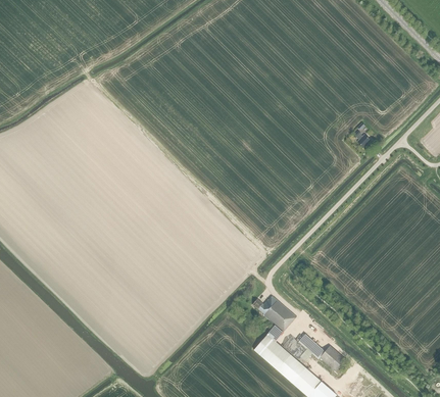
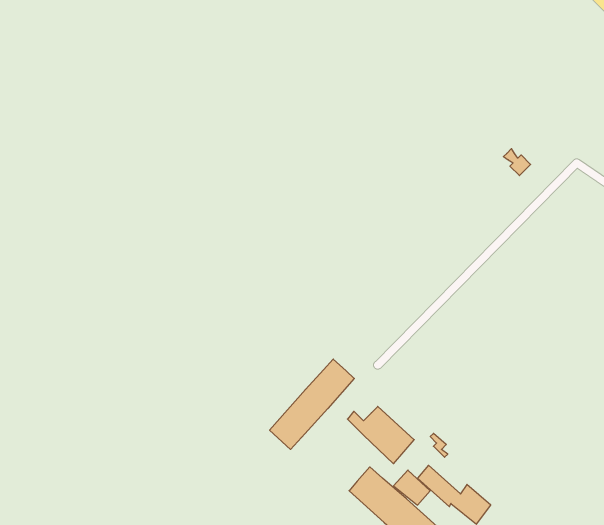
building: none -> [270,359,354,449]

